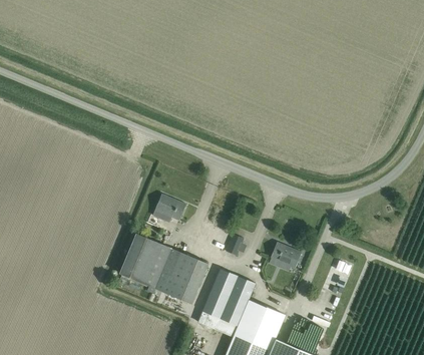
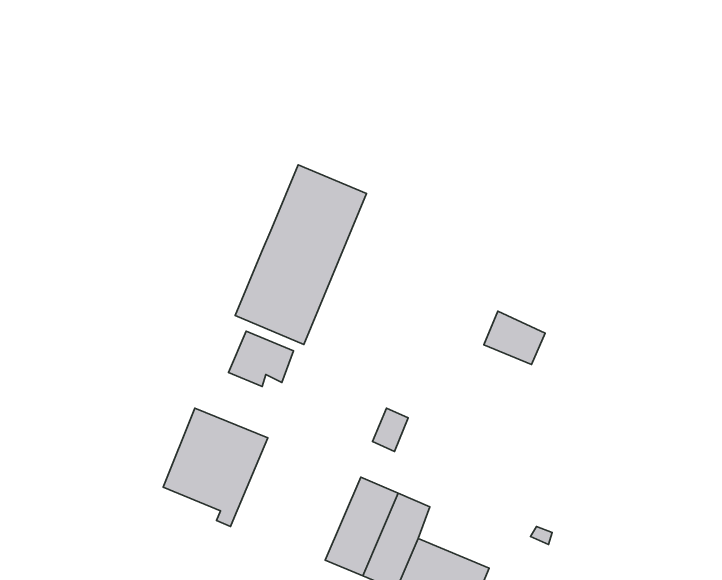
building: none -> [235,165,367,344]
building: [270,242,301,269] -> [484,311,545,365]
building: [155,249,207,304] -> none

